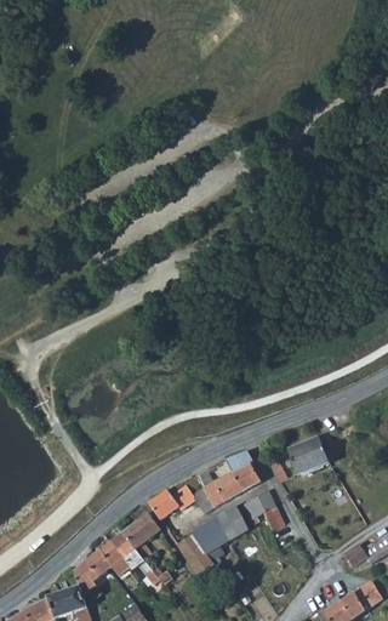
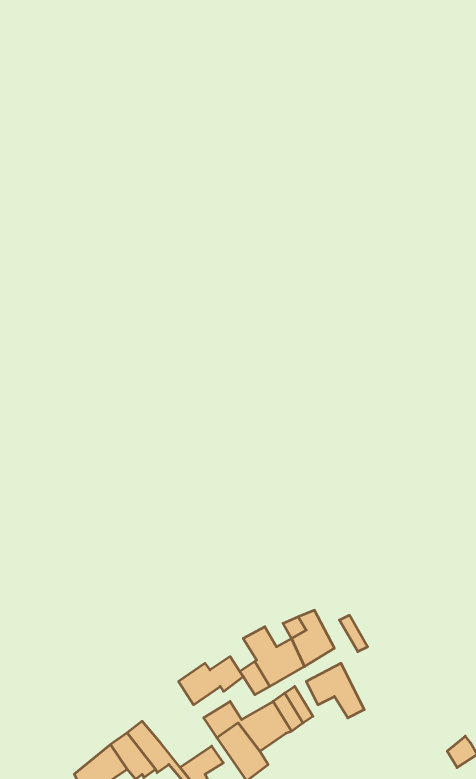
building: [287,437,327,474] -> none
building: [121,513,159,548] -> none

